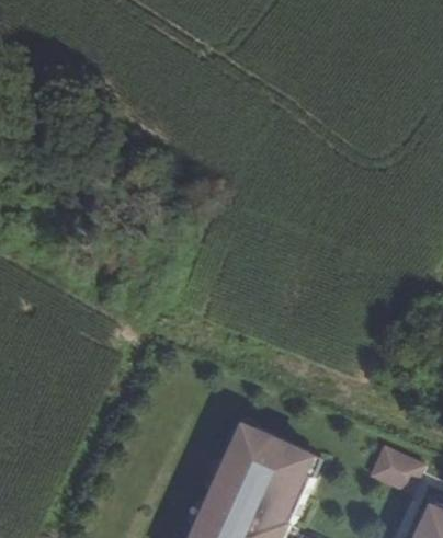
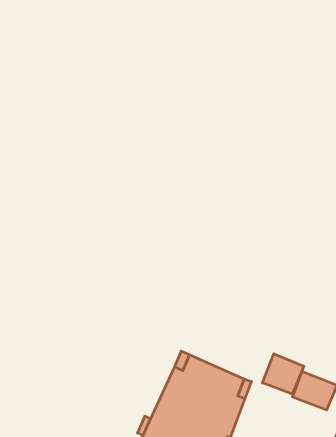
building: none -> [262,354,304,394]

